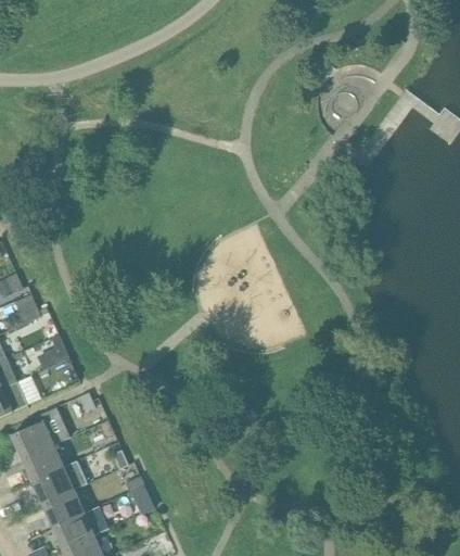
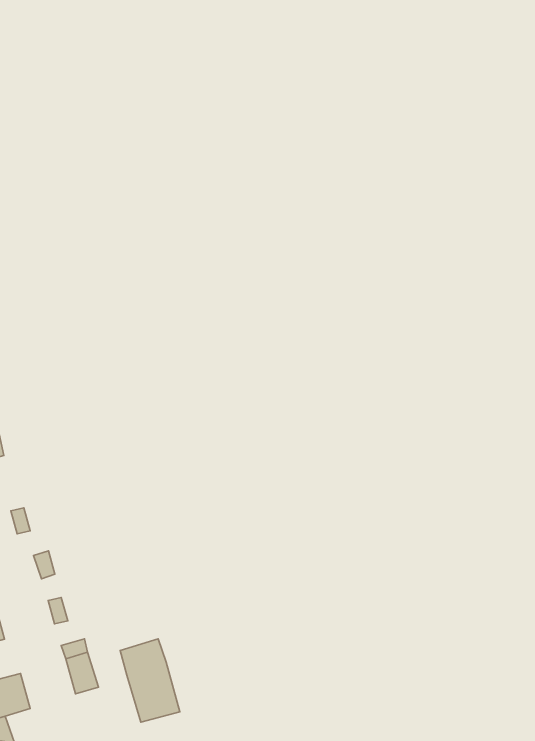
building: none -> [120,639,180,722]

